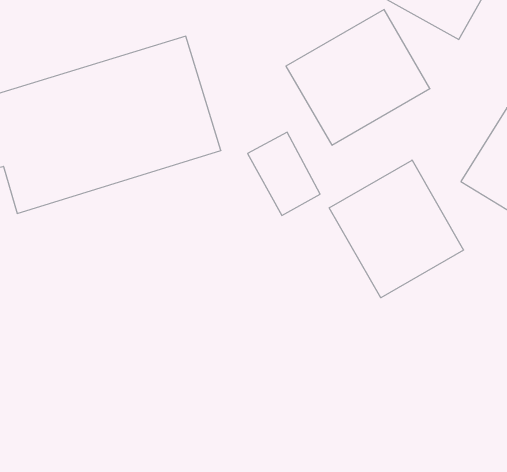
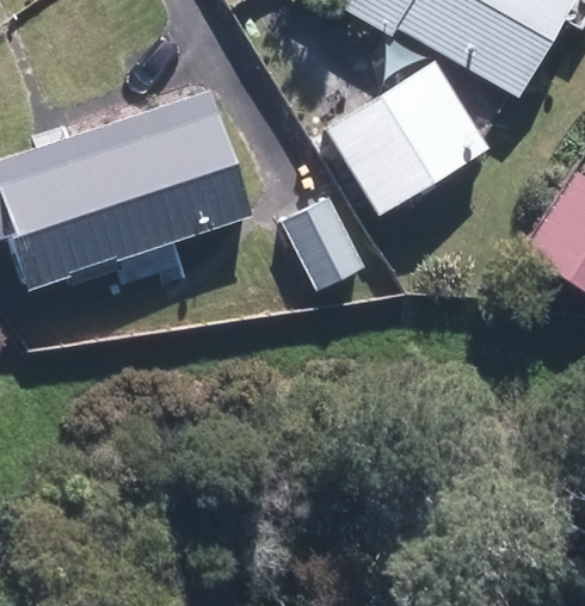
building: [329,160,464,298] -> none

